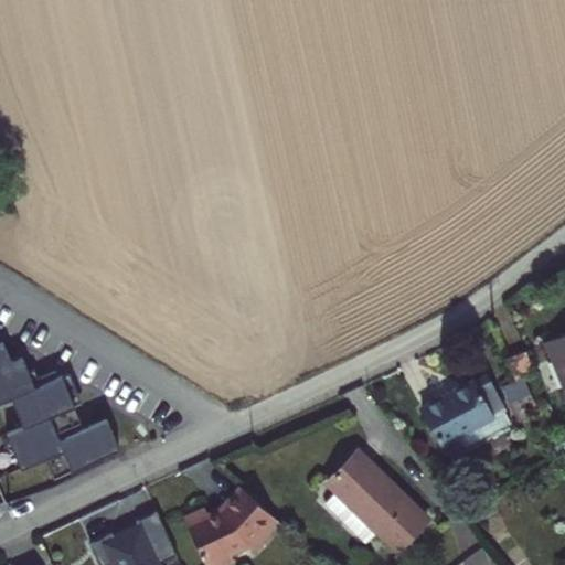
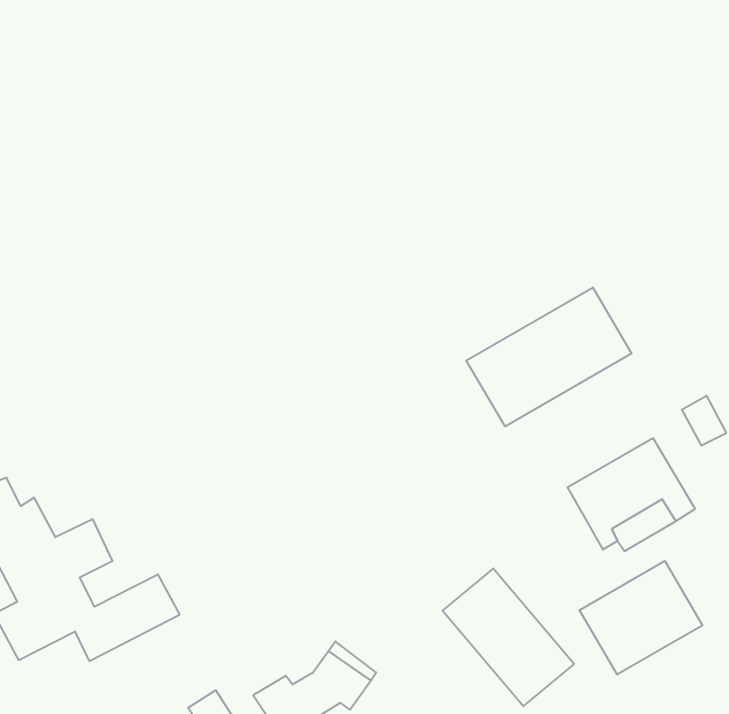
building: none -> [466,287,632,426]
building: none -> [579,561,702,675]

